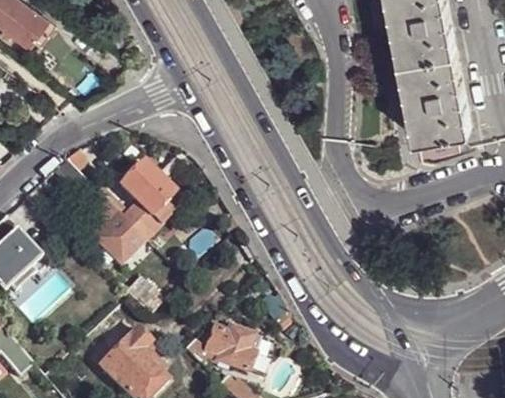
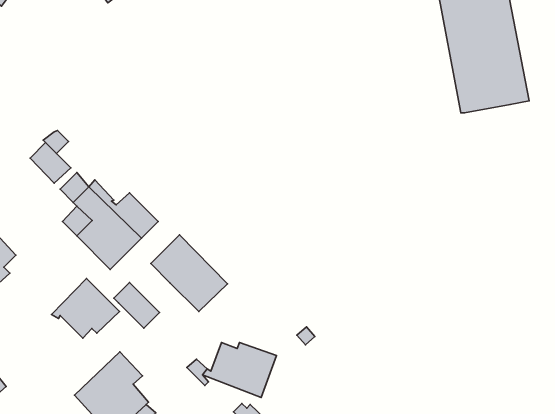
building: [414,127,456,156] -> none
building: [118,161,182,225] -> [151,235,227,311]
building: none -> [52,278,119,338]

